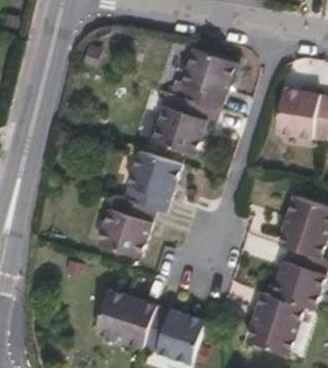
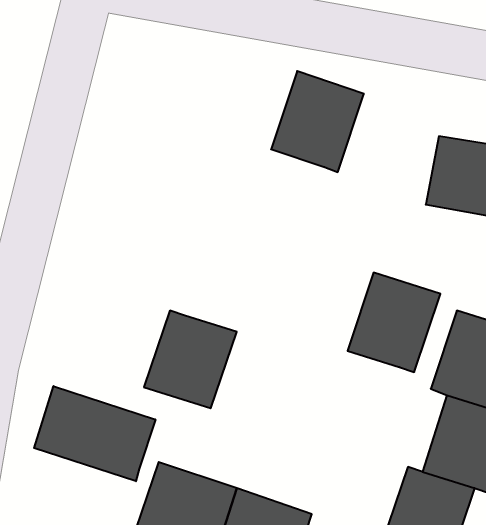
building: [154,91,212,154] -> none
building: [125,149,183,211] -> [348,273,440,372]
building: none -> [34,386,155,481]

